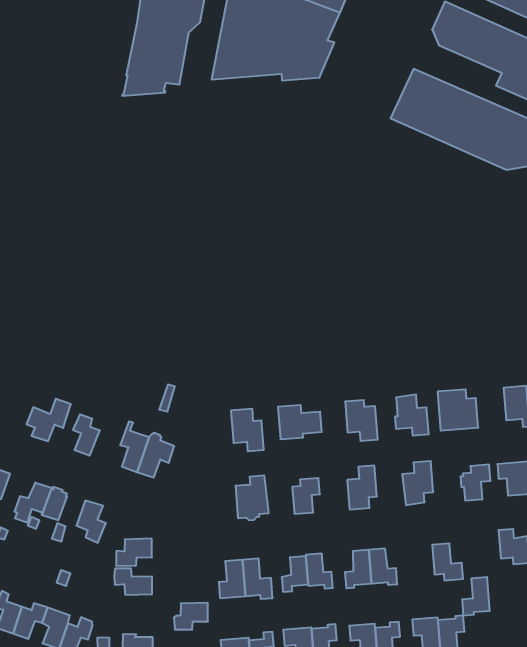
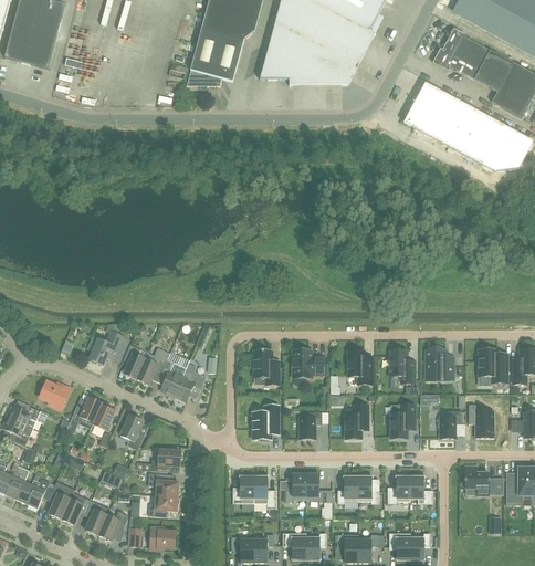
building: none -> [135,347,169,384]
building: [462,577,490,615] -> [387,473,409,503]
building: [174,603,208,630] -> [148,494,177,516]

